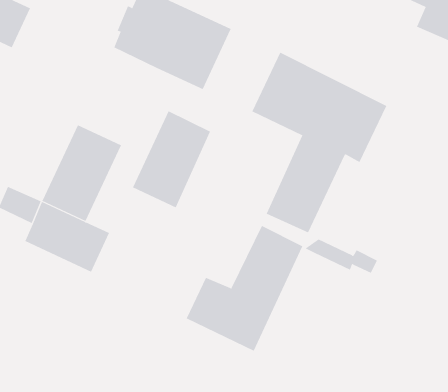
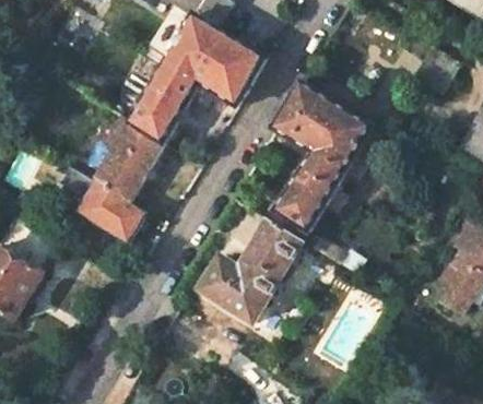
building: [132,111,211,208] -> [128,62,197,142]

